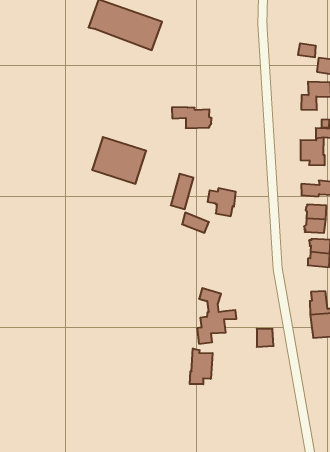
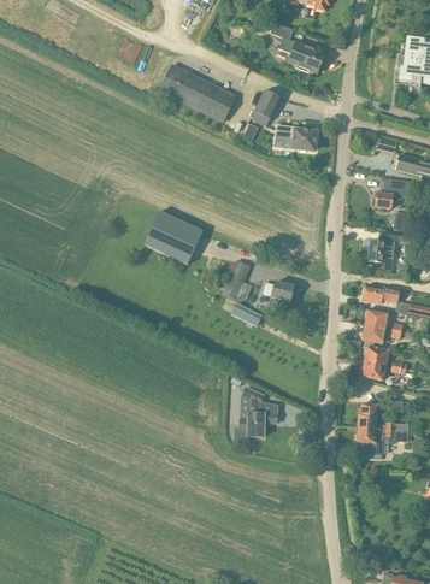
building: none -> [248,93,276,126]
building: [172,107,212,128] -> [276,124,318,151]
building: [190,348,213,384] -> none

